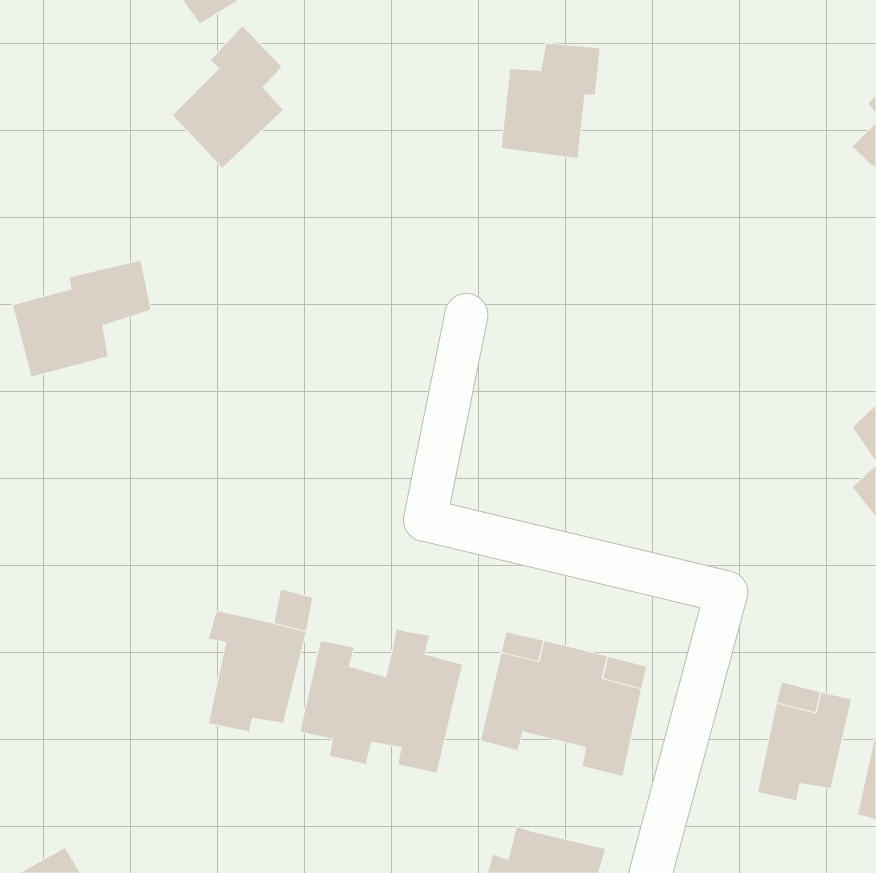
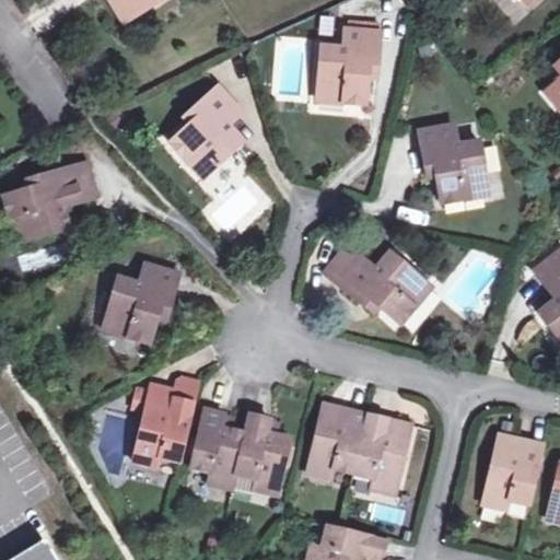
building: [172,26,284,168] -> [175,89,246,179]
building: none -> [423,125,491,202]
building: none -> [327,249,433,325]
building: none -> [103,266,178,343]

